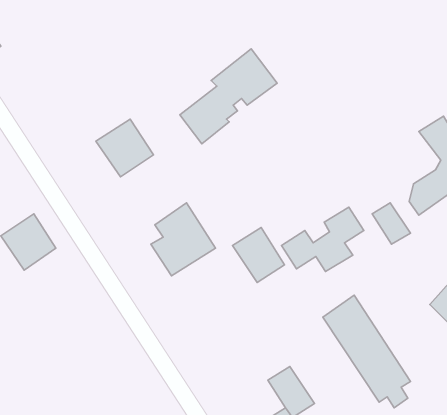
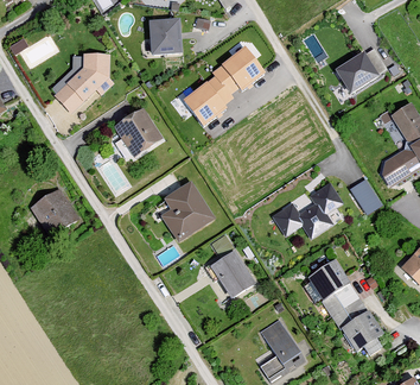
building: none -> [147,17,180,55]
building: none -> [336,50,387,95]
building: none -> [52,53,113,114]
building: [232,228,285,283] -> [209,251,254,298]

